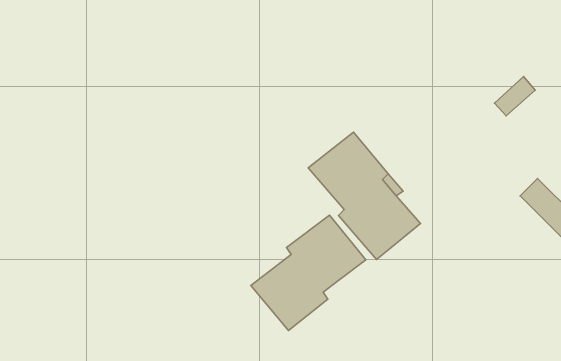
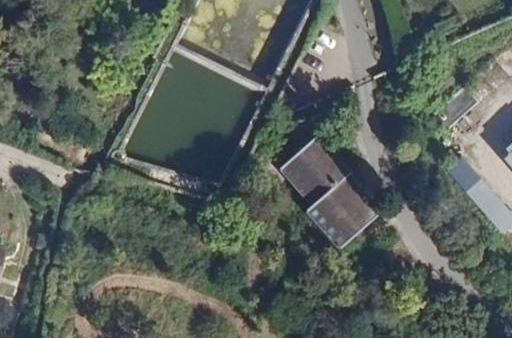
building: [251,215,366,330] -> none

